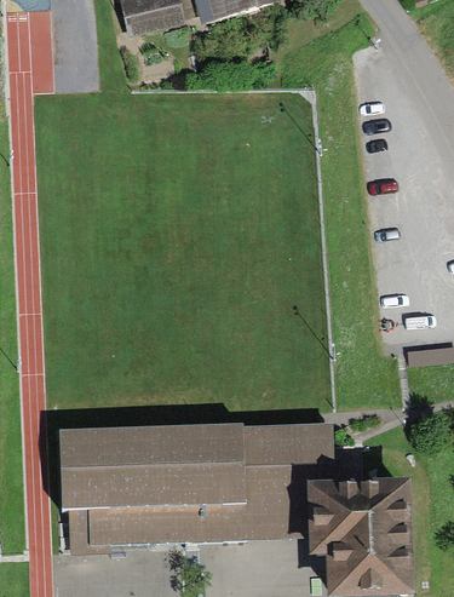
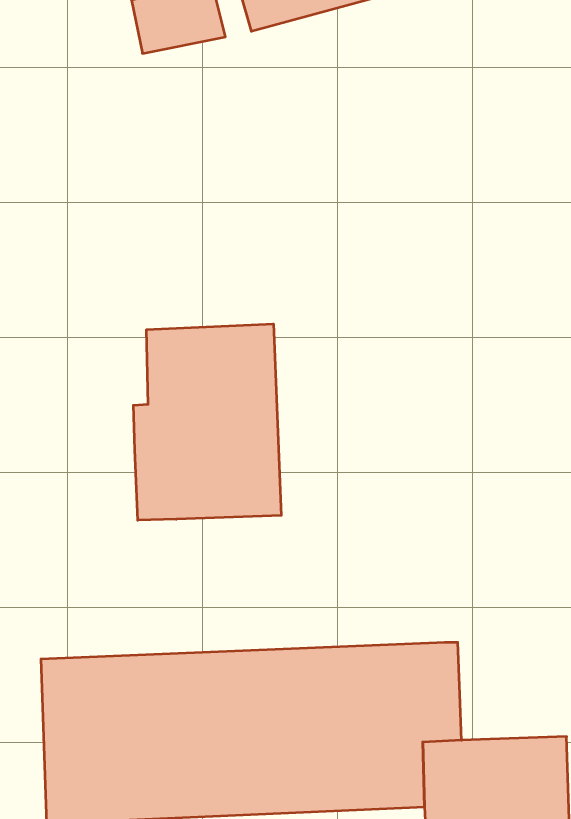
building: none -> [133,324,281,520]

